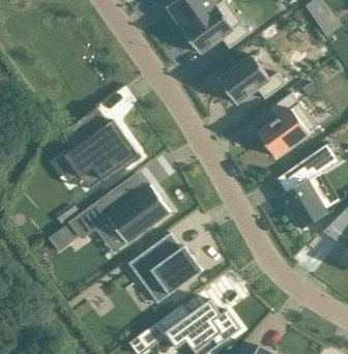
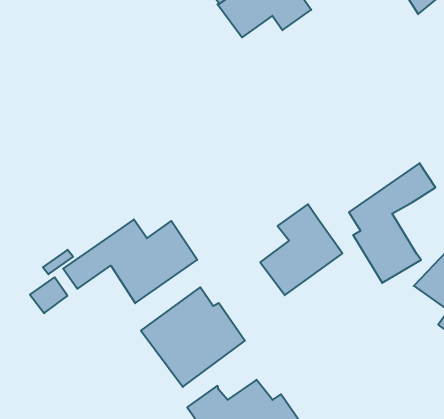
building: [219,55,286,104] -> none
building: [258,91,317,156] -> [260,204,342,295]
building: [64,107,138,182] -> none

